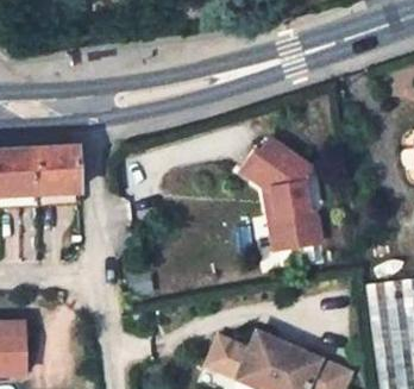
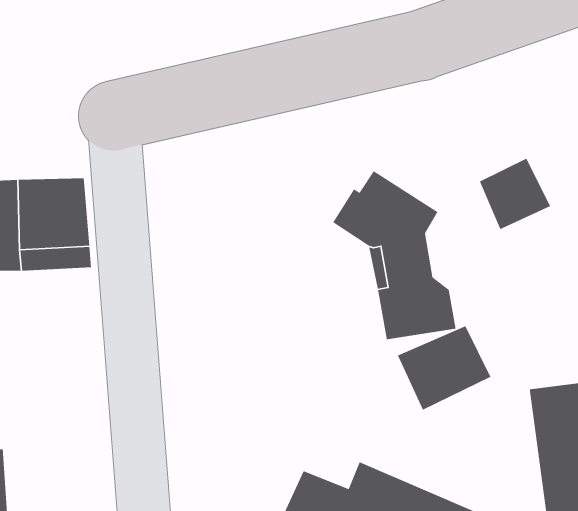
building: none -> [479,158,551,230]
building: none -> [397,325,492,411]

